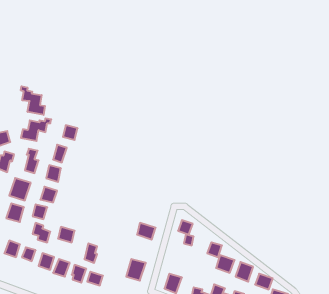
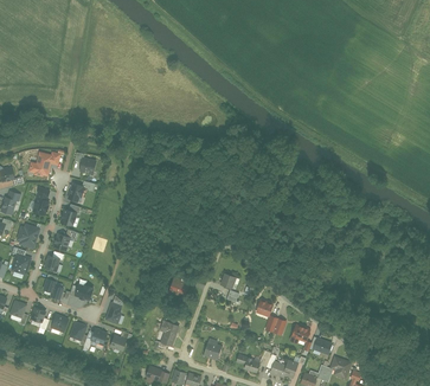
building: [21,86,45,115] -> none

